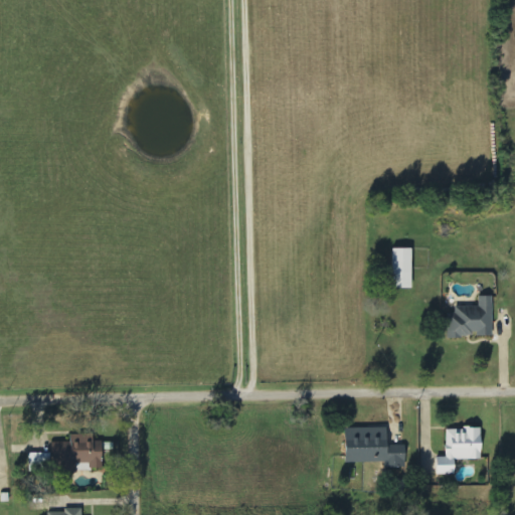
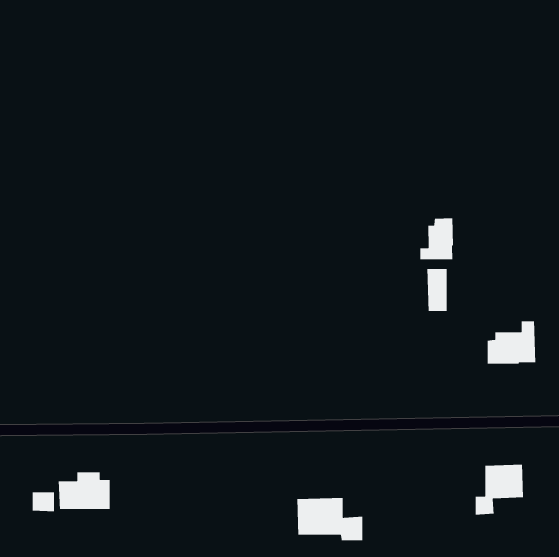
building: none -> [419,218,454,260]
building: [344,426,405,467] -> [296,497,363,541]

